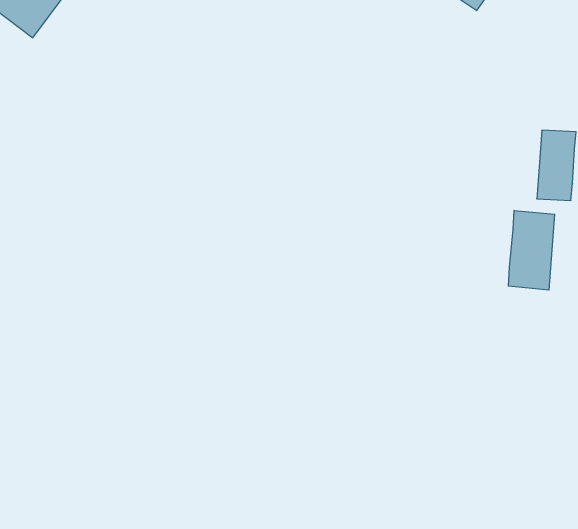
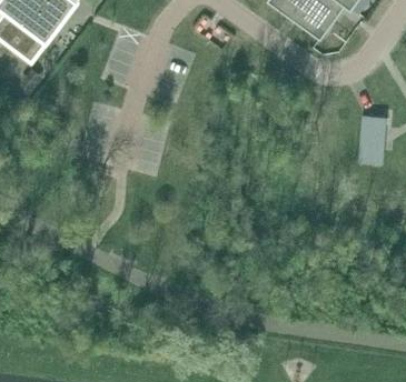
building: [508,210,555,290] -> none

